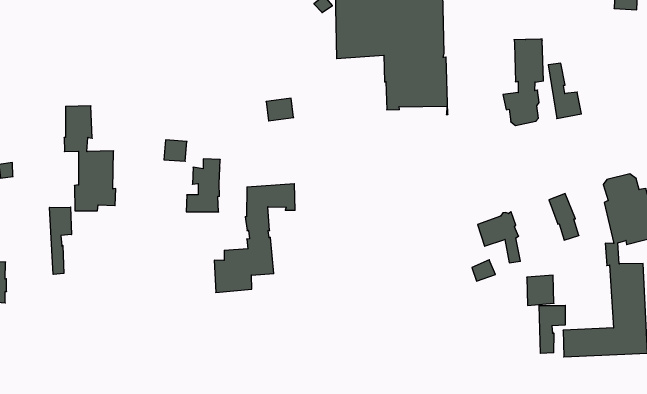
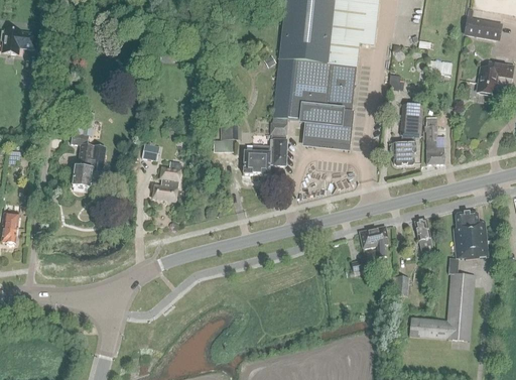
building: [214,184,295,292] -> [242,101,308,174]
building: [50,207,71,274] -> none
building: [539,305,565,353] -> none

